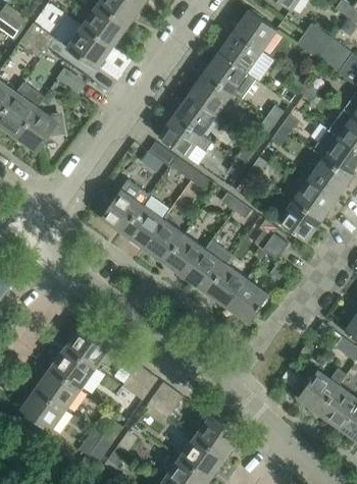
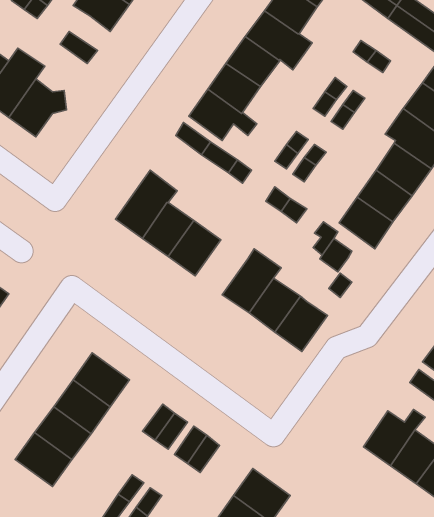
building: [163,234,205,278] -> none

